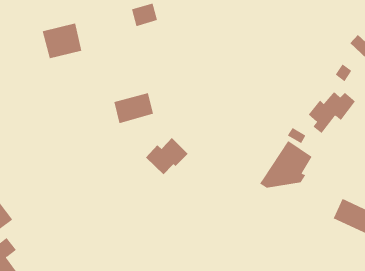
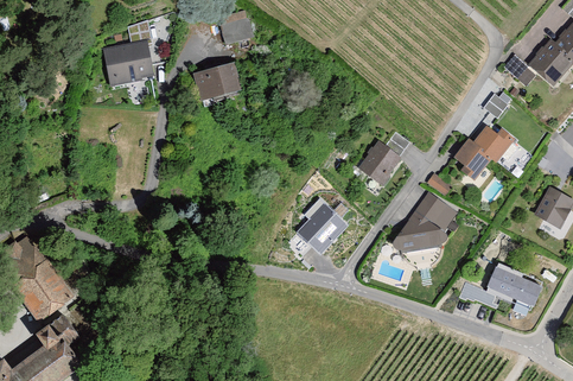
building: [113,93,154,124] -> [198,61,250,101]
building: none -> [351,133,409,188]
building: [145,137,188,175] -> [291,207,346,255]

